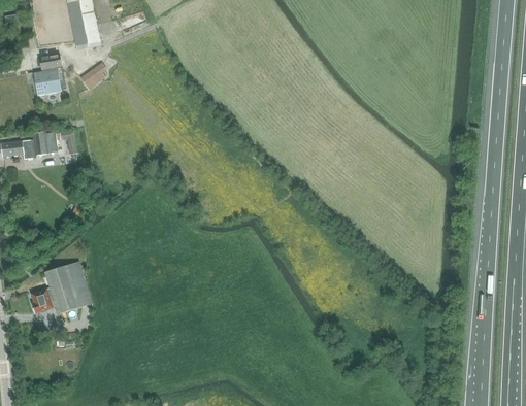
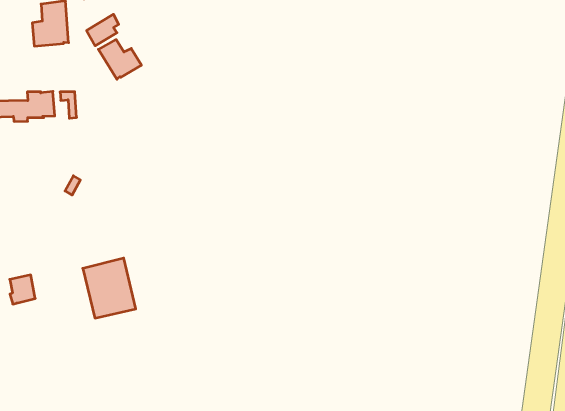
building: none -> [98,40,141,79]
building: [44,261,92,313] -> [83,258,136,318]

